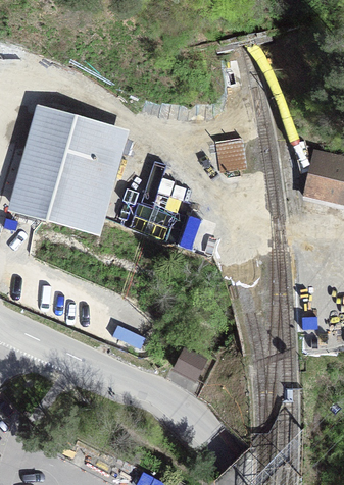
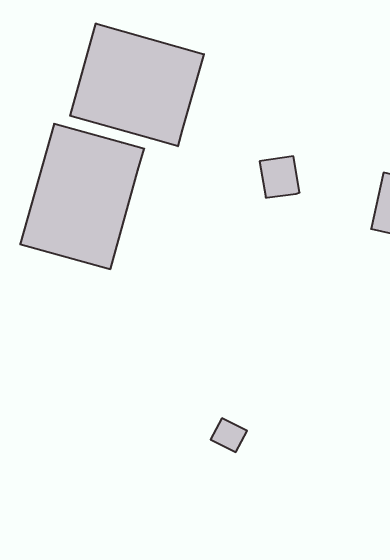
building: none -> [70,23,204,146]

